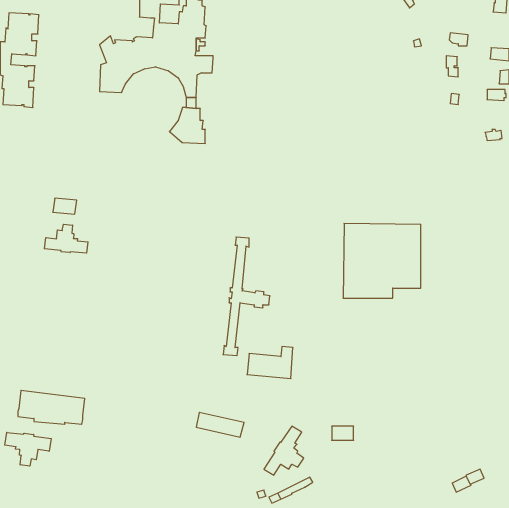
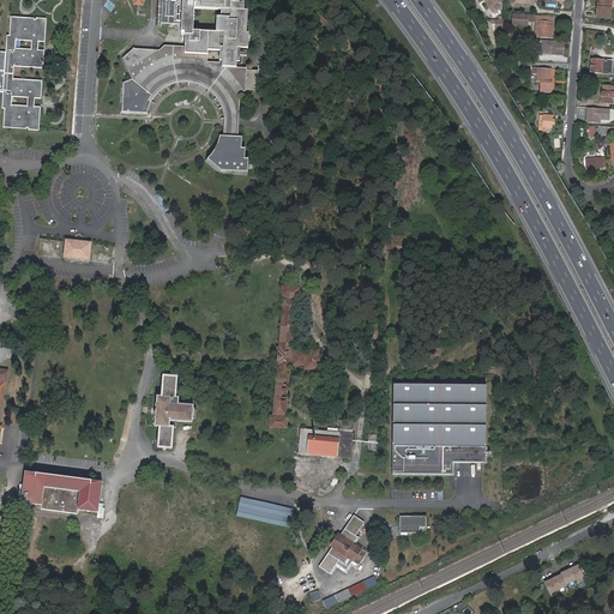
building: none -> [511,12,554,37]
building: [343,223,421,298] -> [391,381,484,471]
building: [44,224,88,253] -> none
building: none -> [155,374,198,449]
building: [5,432,51,466] -> none

